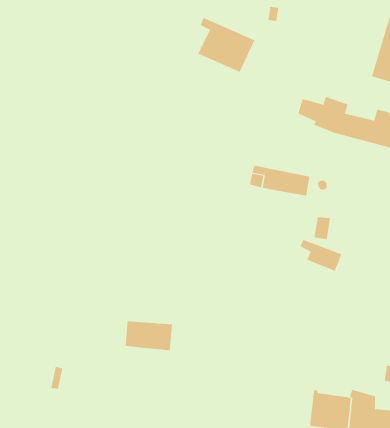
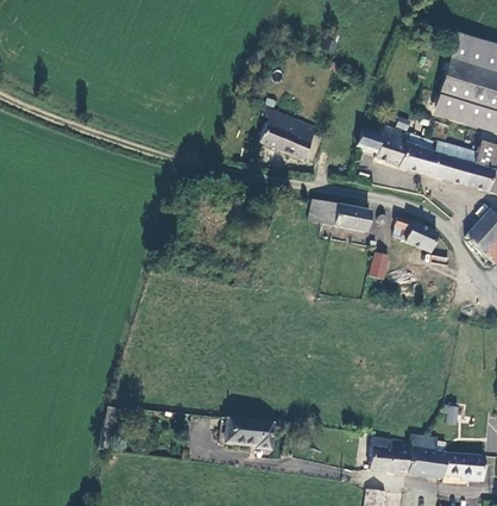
building: [198,17,255,72] -> [257,100,316,157]
building: [300,239,342,271] -> [395,217,439,250]
building: [125,321,173,351] -> [225,418,275,449]

